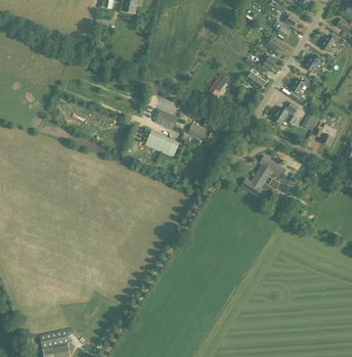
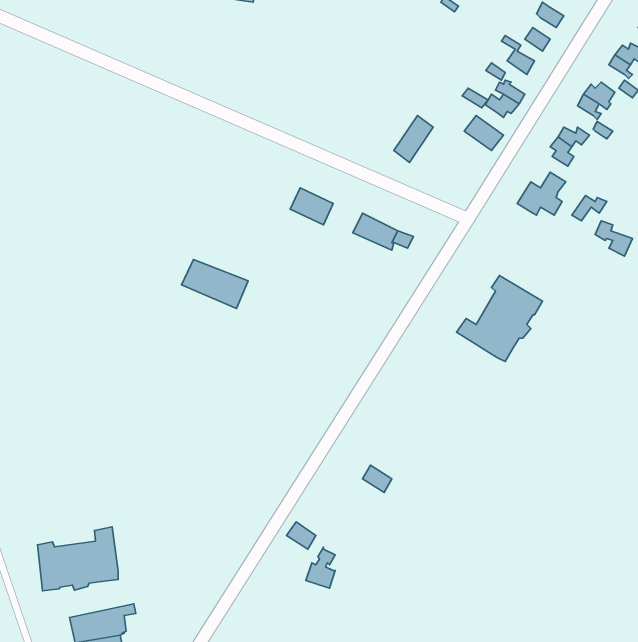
building: [144,131,179,157] -> [182,260,248,308]
building: none -> [37,527,118,591]

